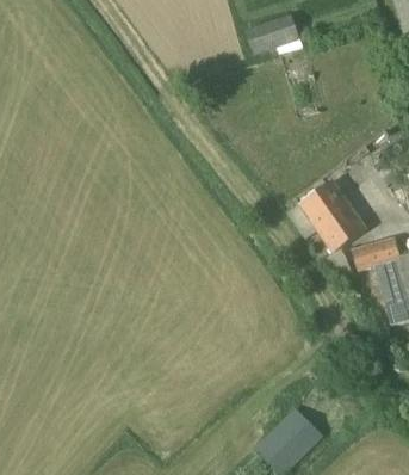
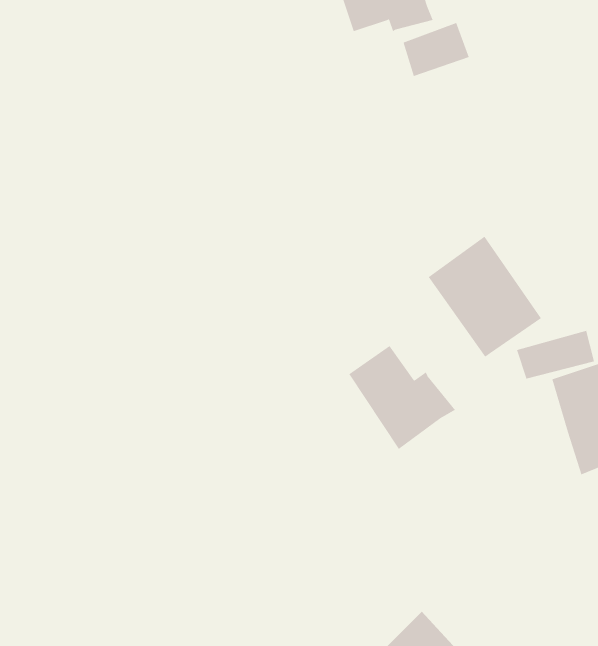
building: none -> [403,22,469,77]
building: none -> [349,345,456,450]

